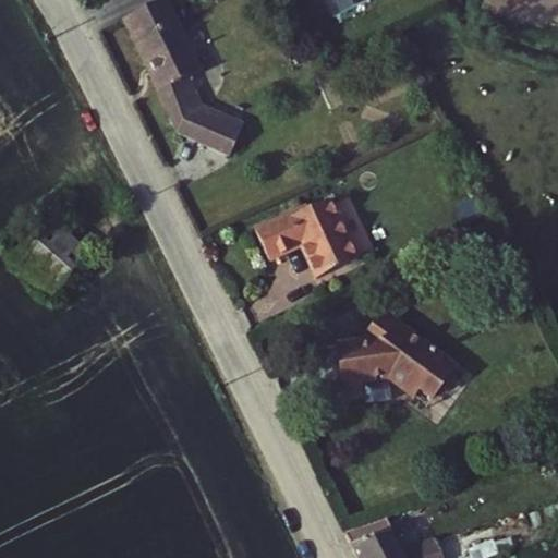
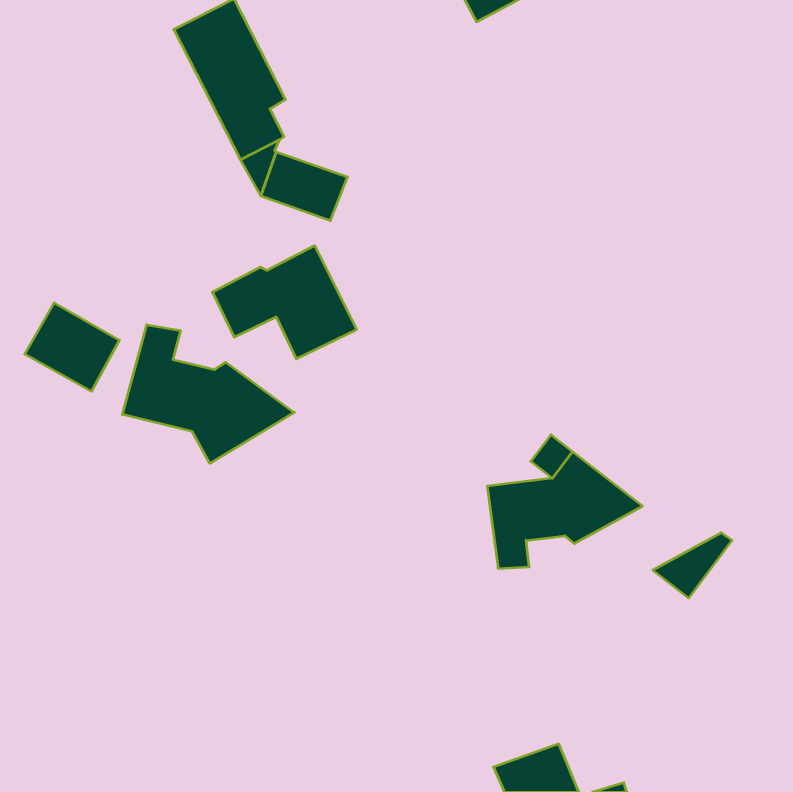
building: [257,195,359,275] -> [212,246,357,359]
building: none -> [122,325,294,463]
building: [403,355,459,401] -> [653,533,732,598]

